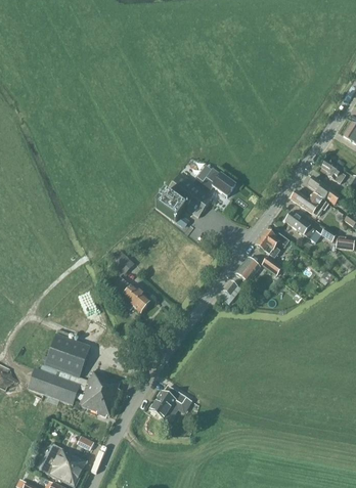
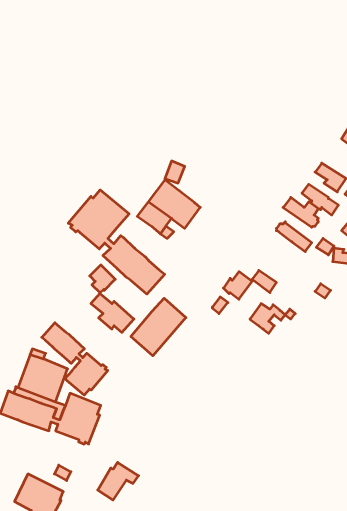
building: [193,170,236,197] -> none
building: none -> [68,190,165,294]
building: [257,231,290,259] -> [250,304,285,333]
building: none -> [131,298,186,356]
building: none -> [42,323,108,395]
building: [149,386,187,420] -> [98,462,139,500]

